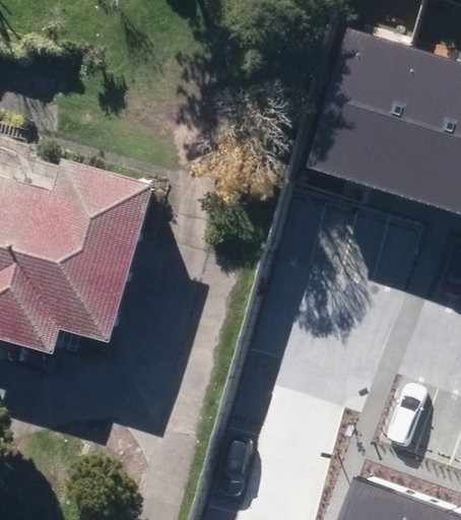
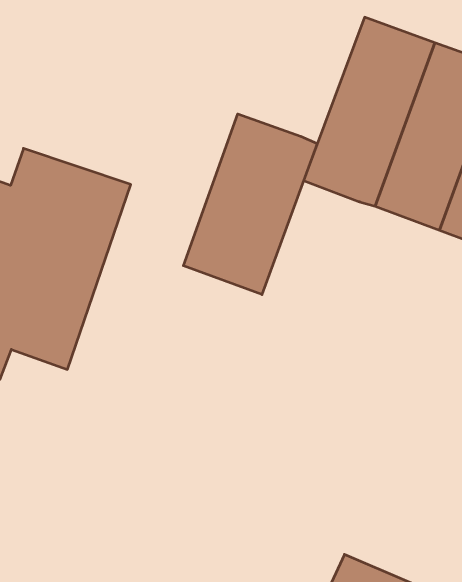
building: none -> [183,114,317,295]

